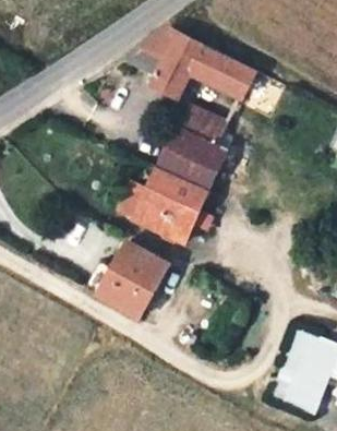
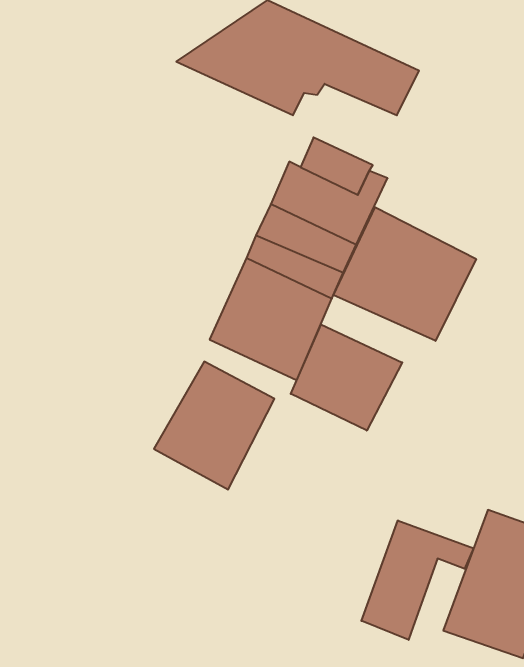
building: none -> [333,207,476,341]
building: none -> [291,324,402,431]
building: none -> [361,520,474,640]

